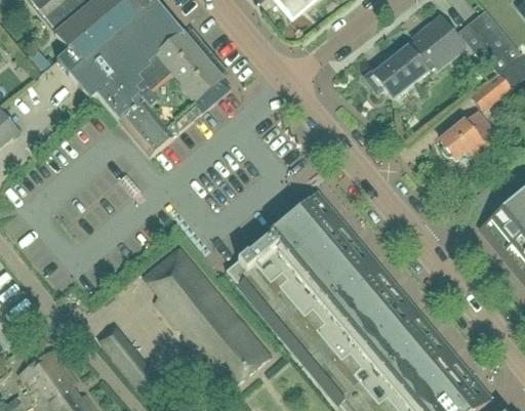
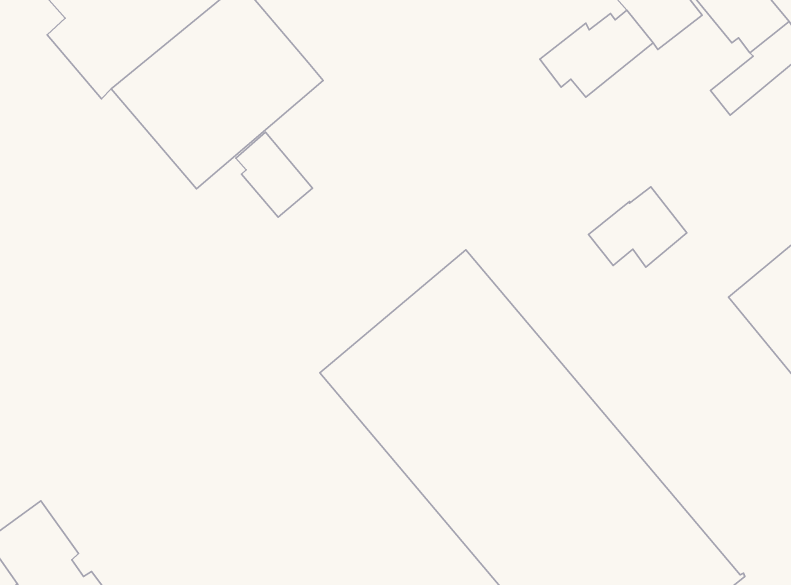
building: [441,109,502,159] -> [588,187,687,267]
building: none -> [236,132,312,217]
building: [145,247,272,388] -> none

